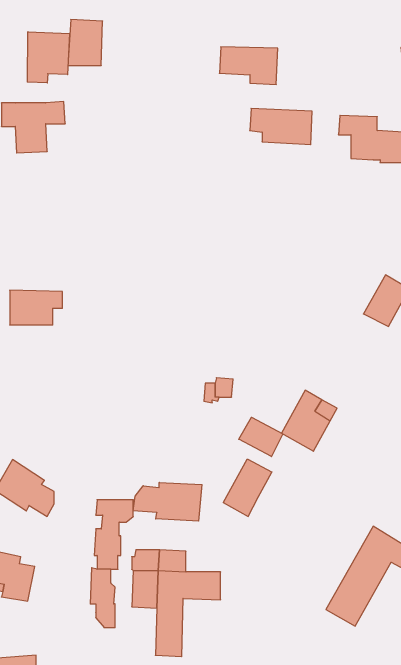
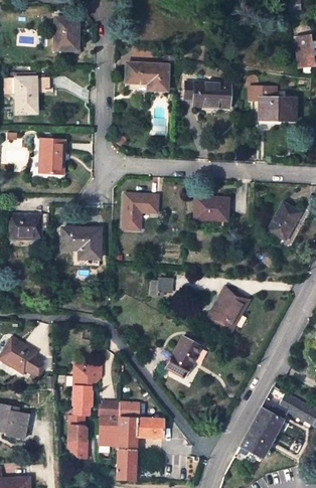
building: [27,32,69,83] -> none
building: [219,47,278,84] -> [126,63,168,91]
building: none -> [39,138,65,174]
building: none -> [124,192,159,229]
building: none -> [194,196,228,219]
building: none -> [61,226,102,259]
building: [239,417,283,457] -> none
building: [133,482,202,521] -> none

